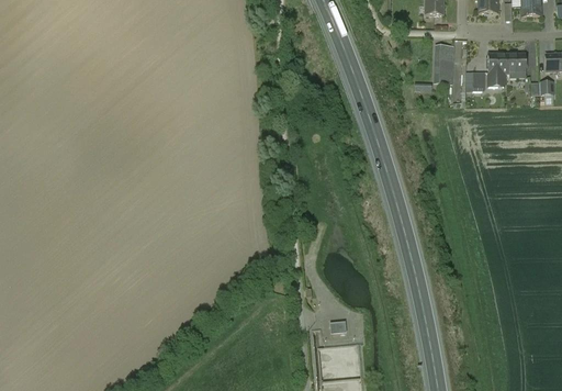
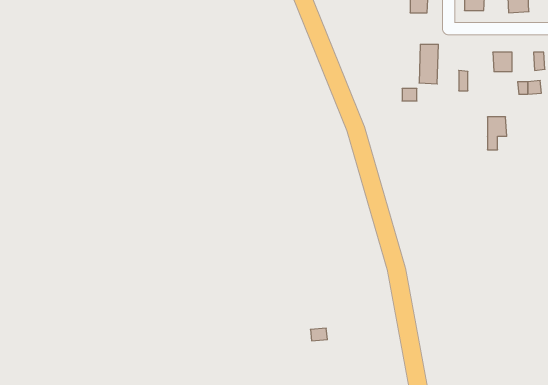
building: [490,53,508,85] -> [487,117,507,150]

